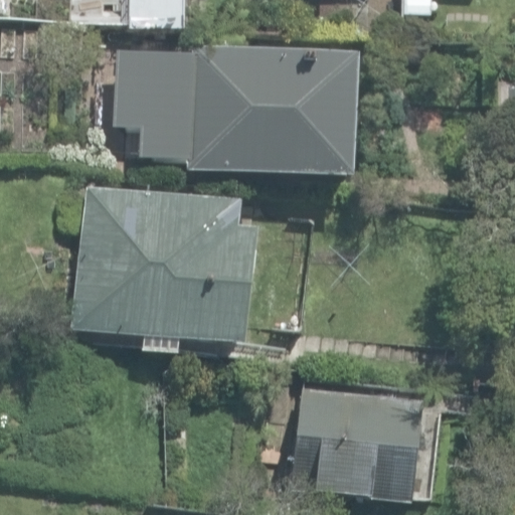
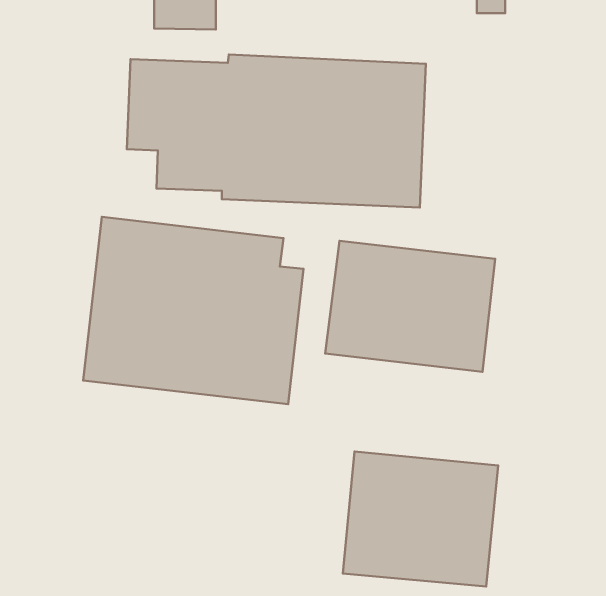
building: none -> [325,241,495,372]

